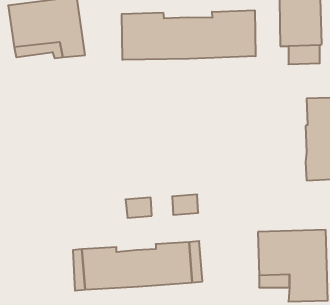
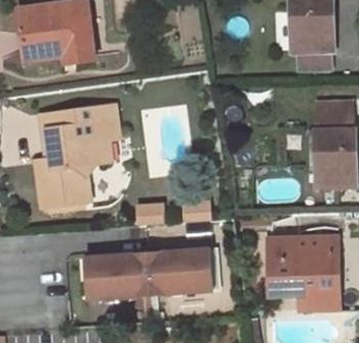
building: [122,10,256,60] -> none
building: none -> [36,103,118,208]

